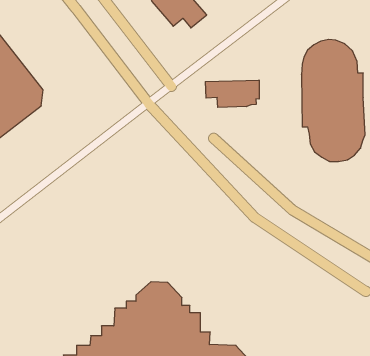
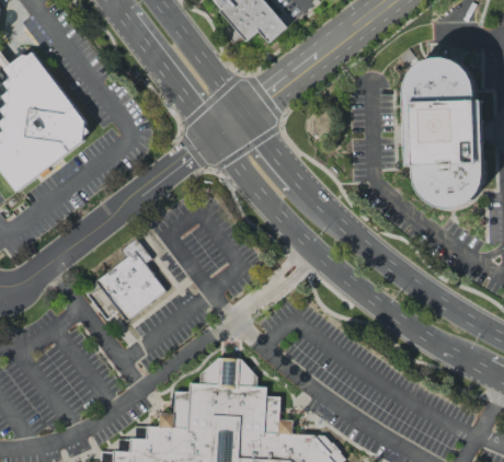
building: [205,80,259,107] -> none
building: none -> [93,239,164,322]

